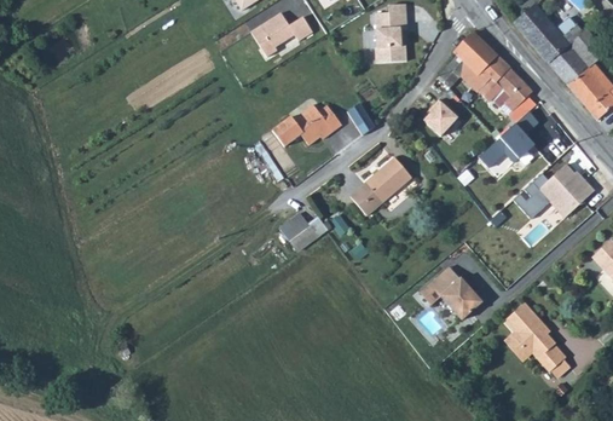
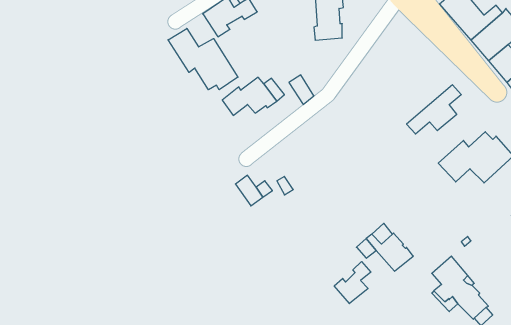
building: [436,31,533,116] -> none
building: none -> [168,28,238,90]
building: [420,103,455,137] -> none
building: [349,157,411,217] -> none
building: none -> [334,262,371,304]

